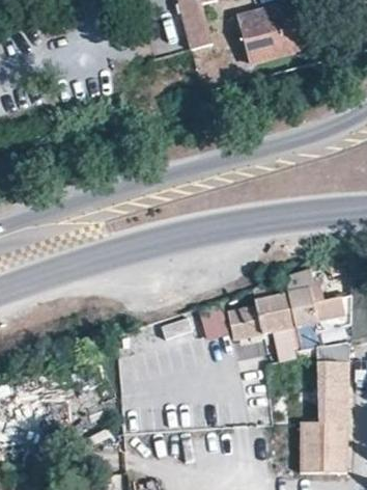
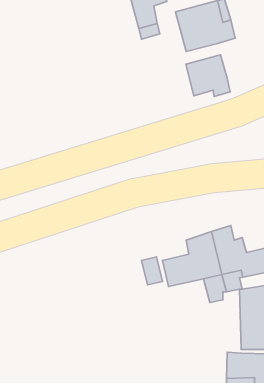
building: none -> [186,55,230,96]

